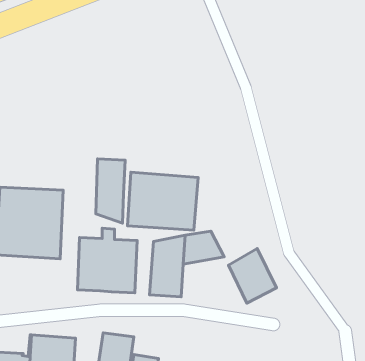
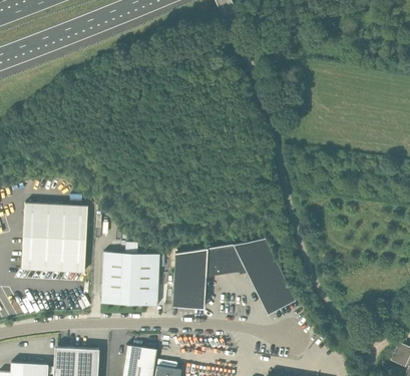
building: [96,159,125,223] -> none
building: [127,172,198,230] -> none
building: none -> [232,241,277,279]

